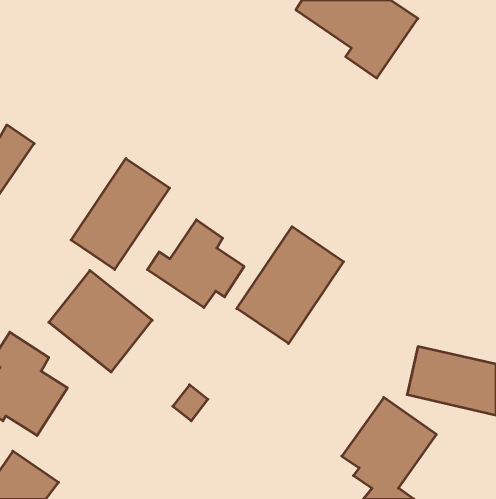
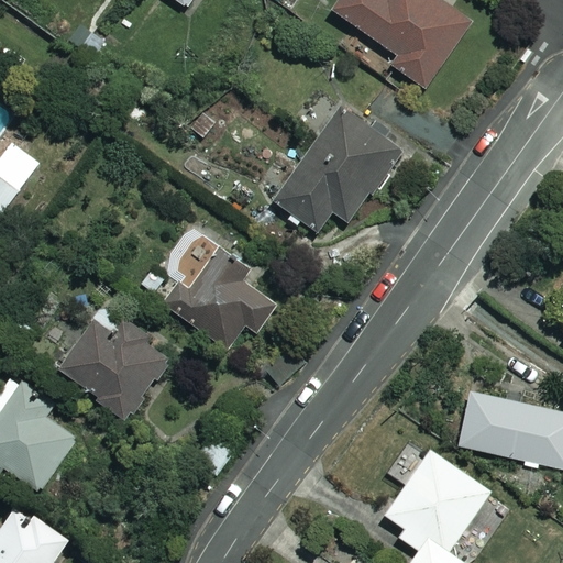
building: none -> [266,106,399,238]
building: [71,158,170,270] -> none
building: [237,227,344,344] -> none

